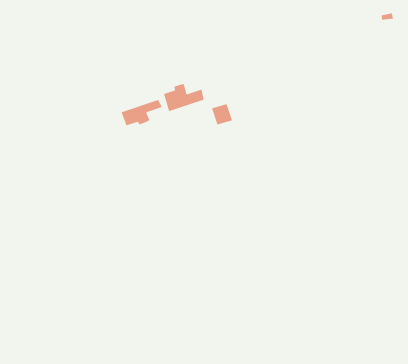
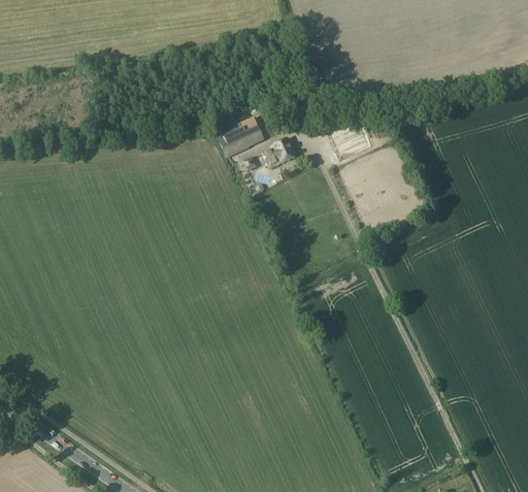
building: [121,99,162,126] -> none

